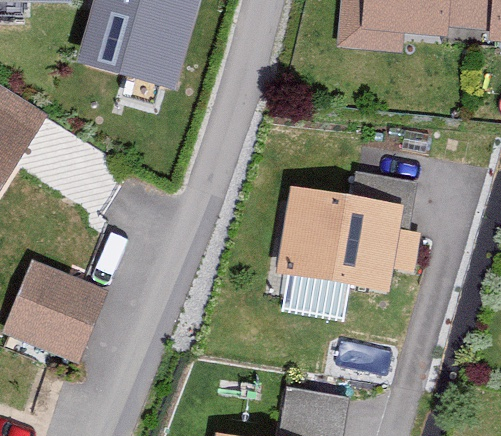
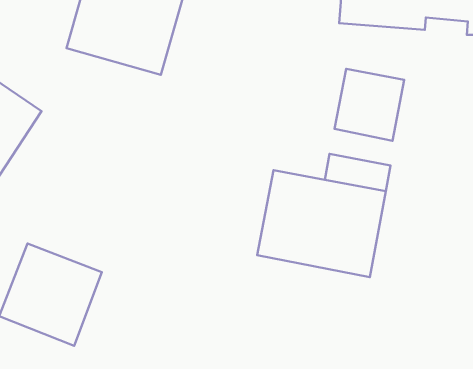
building: none -> [335,69,404,141]

